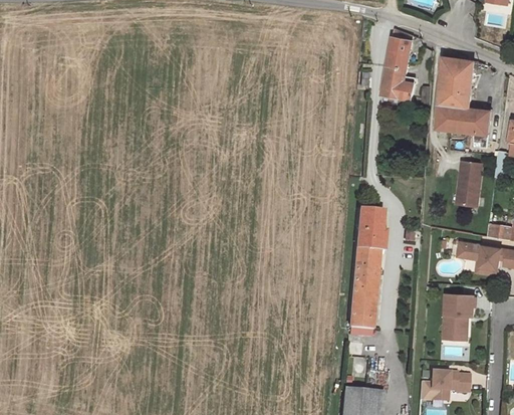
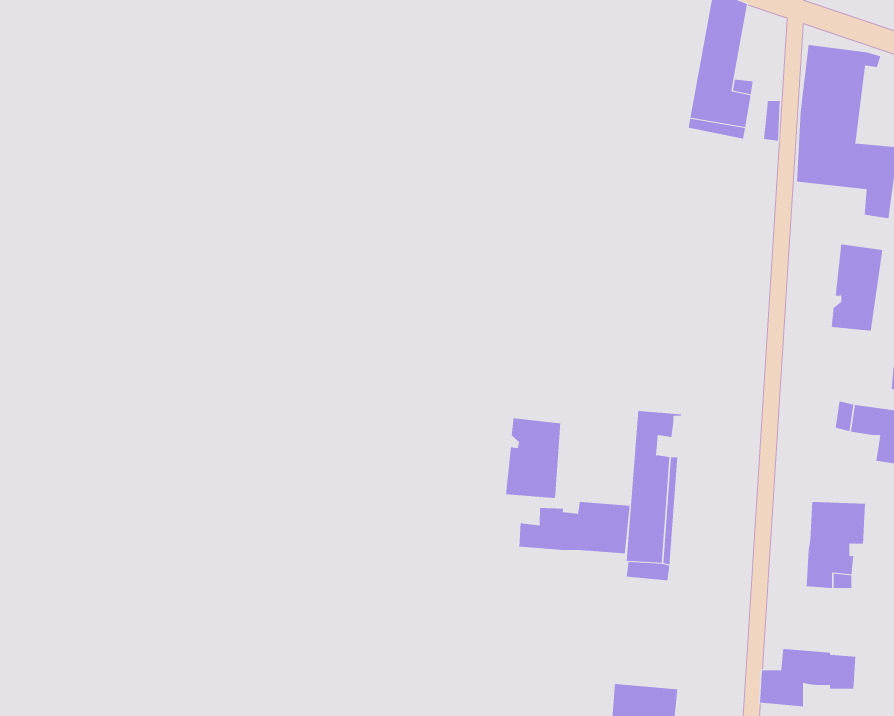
building: [355,208,384,250] -> none
building: none -> [505,418,561,499]
building: none -> [519,501,630,554]

